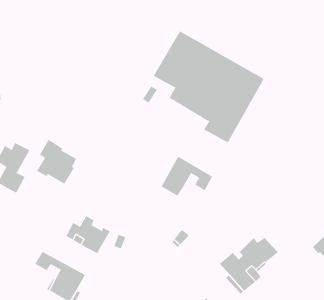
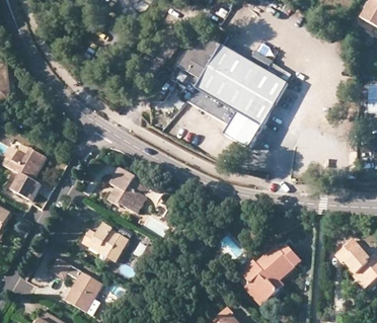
building: [36,139,77,185] -> [106,166,148,213]
building: [161,156,213,196] -> none

